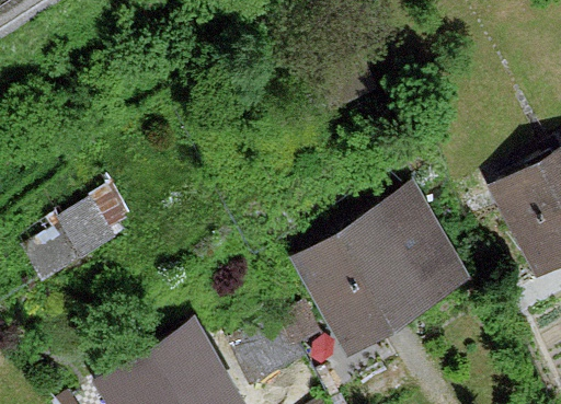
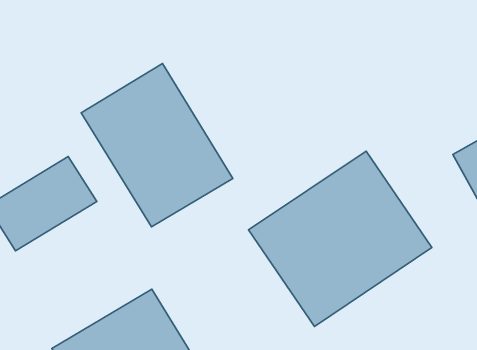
building: none -> [81,63,233,227]

